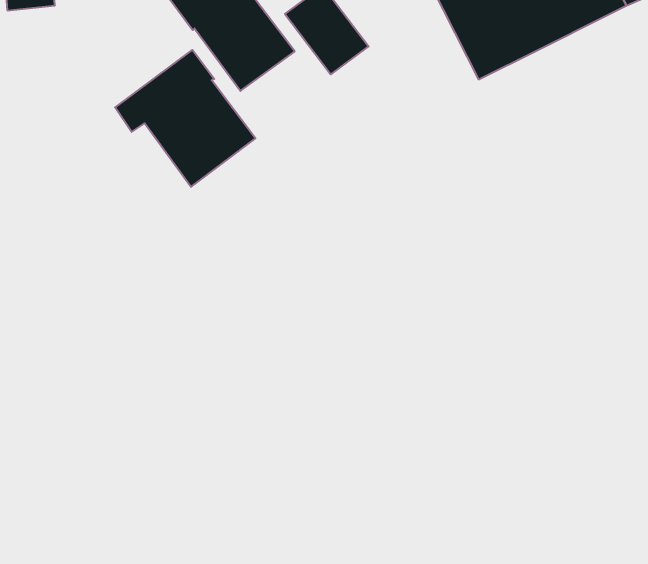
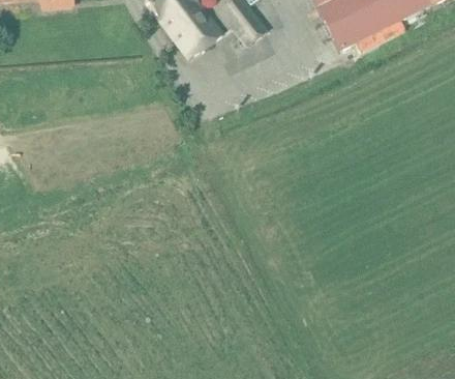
building: [115,50,255,187] -> none

